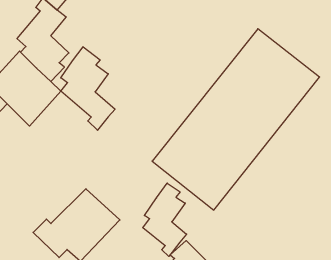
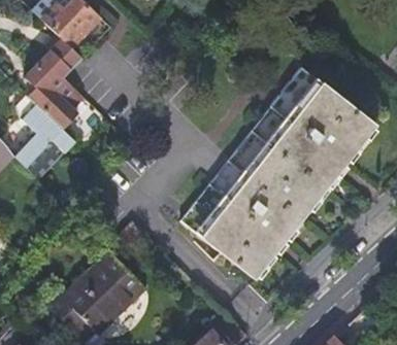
building: [61,47,115,130] -> none
building: [143,183,187,256] -> none

